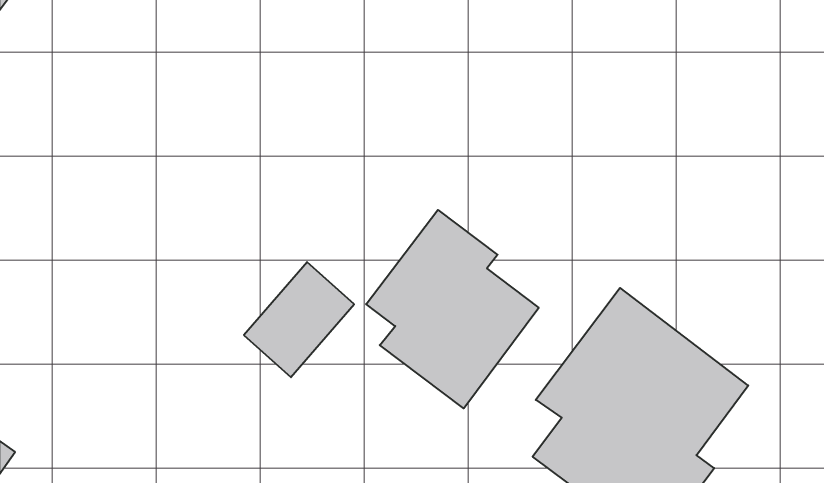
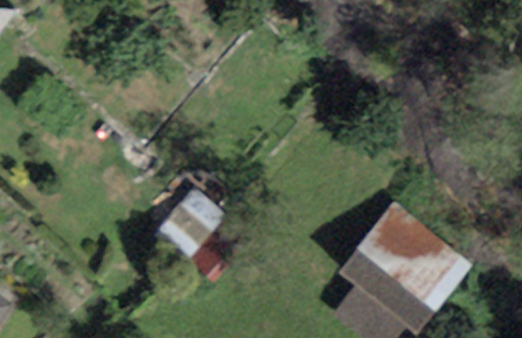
building: [366,210,539,408] -> none

